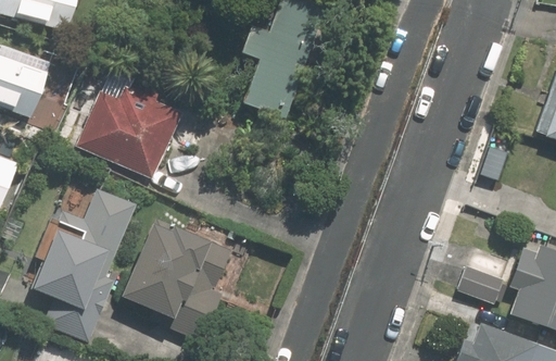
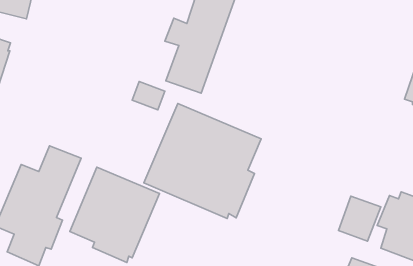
building: [70,84,203,178] -> none
building: none -> [144,103,261,218]

